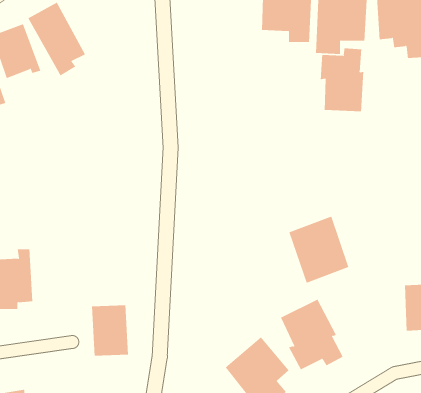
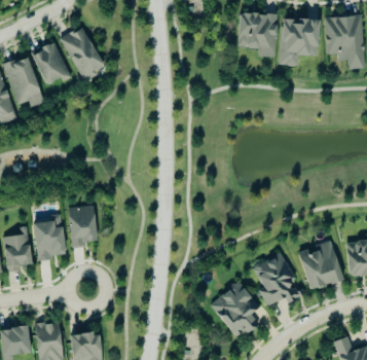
building: [320,47,364,112] -> none
building: [289,216,349,283] -> [297,240,343,291]
building: [91,305,129,356] -> [68,206,97,245]

